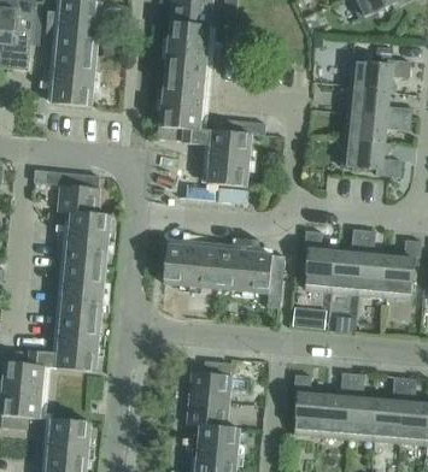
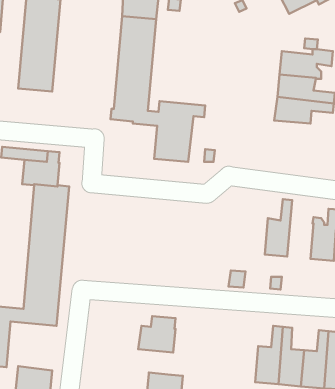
building: [340,138,400,176] -> none
building: [303,229,336,290] -> none
building: [357,229,387,295] -> none
building: [163,243,283,306] -> none
building: [292,373,326,435] -> none
building: [186,397,228,426] -> none

